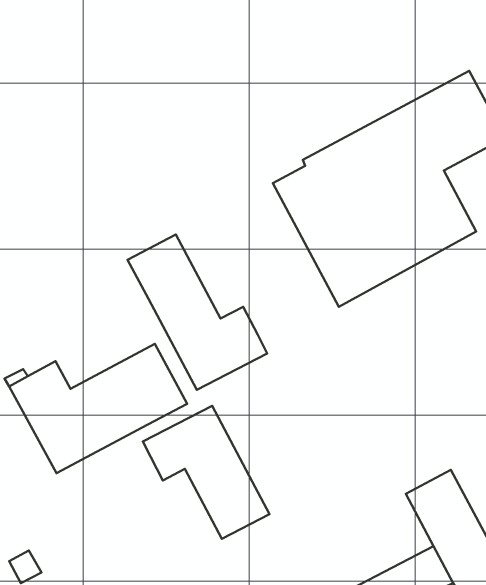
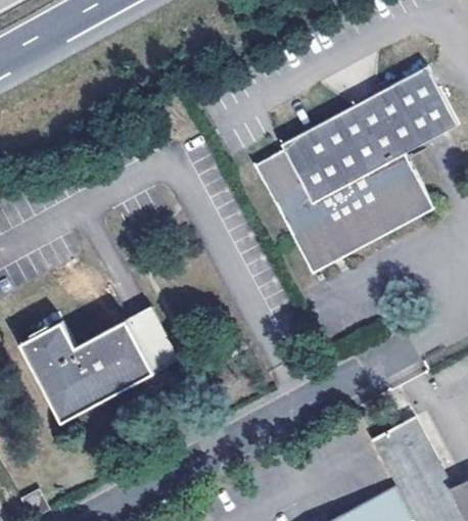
building: [127,234,267,390] -> none
building: [143,406,269,539] -> none

